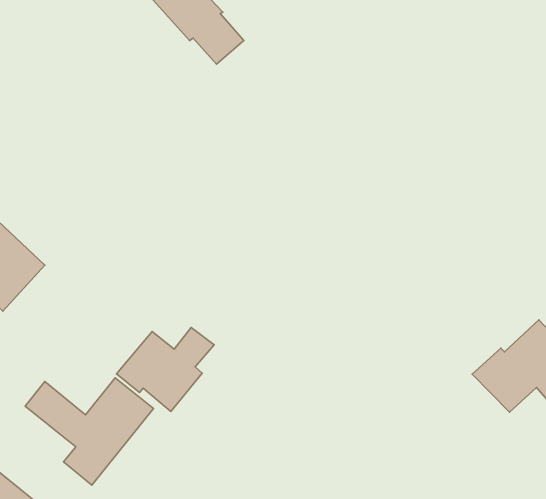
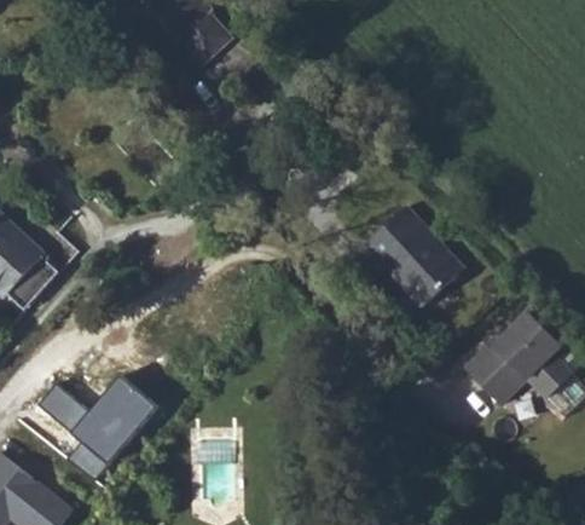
building: none -> [365,213,463,307]
building: [117,328,214,411] -> none

